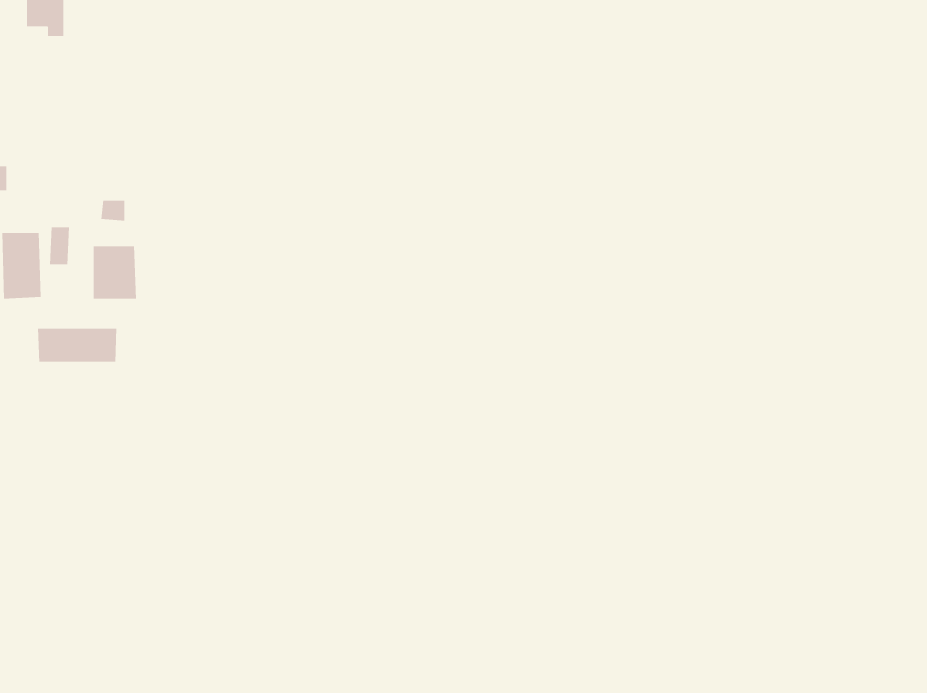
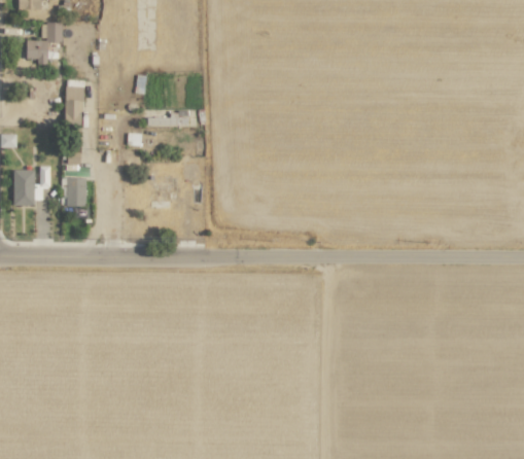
building: none -> [65,80,83,134]
building: [38,328,117,362] -> none

